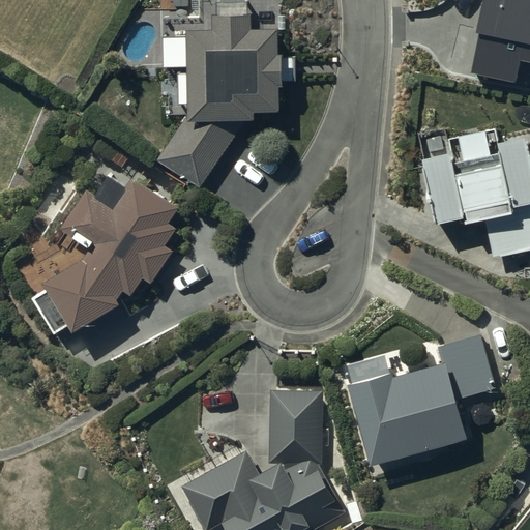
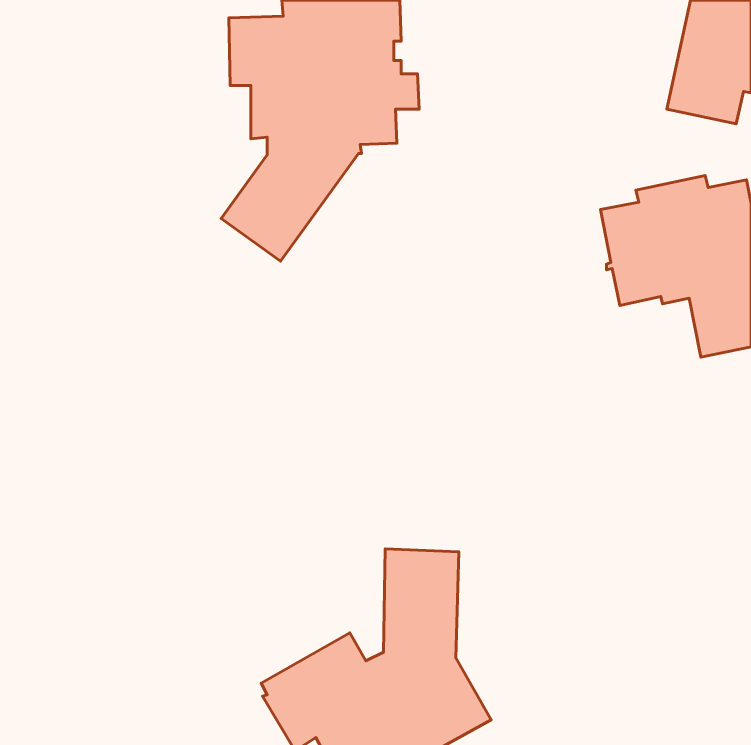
building: [45,173,177,327] -> none
building: [352,344,500,474] -> none

